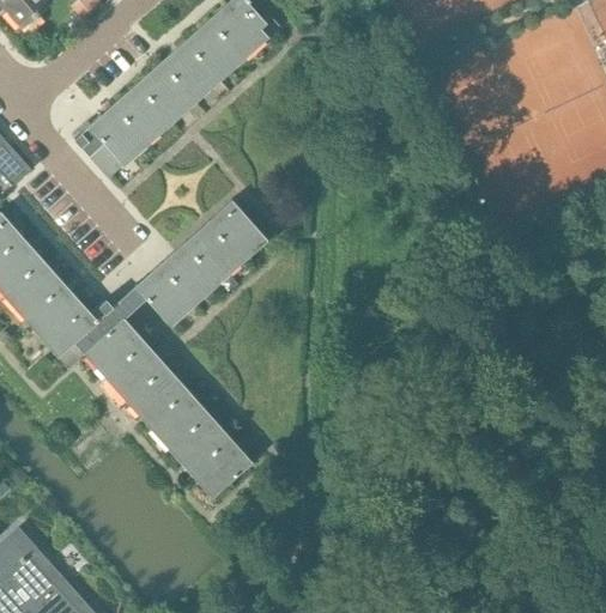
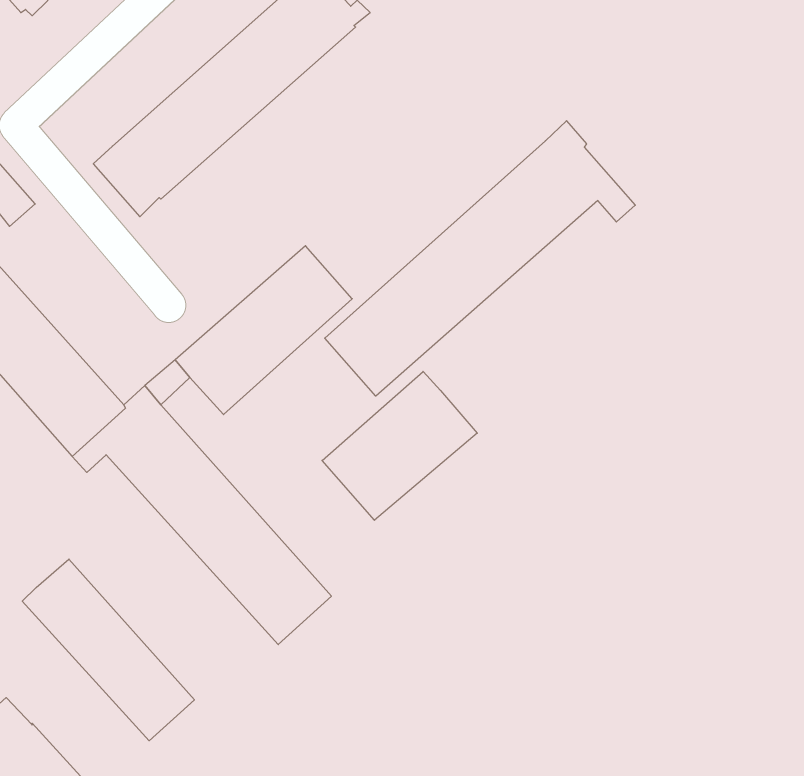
building: none -> [325,121,635,396]
building: none -> [322,371,477,520]
building: none -> [22,559,194,741]

